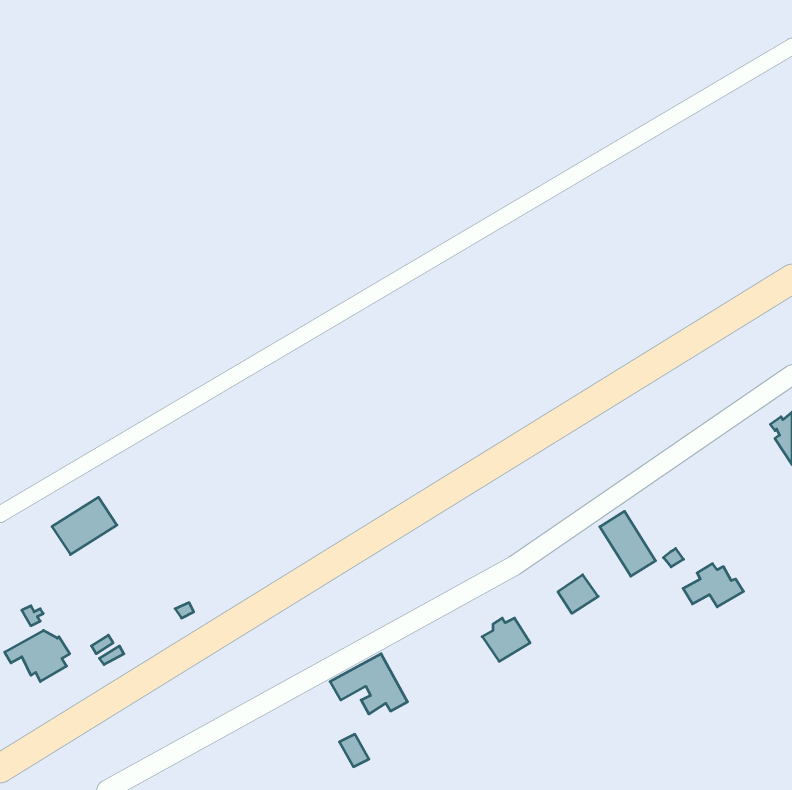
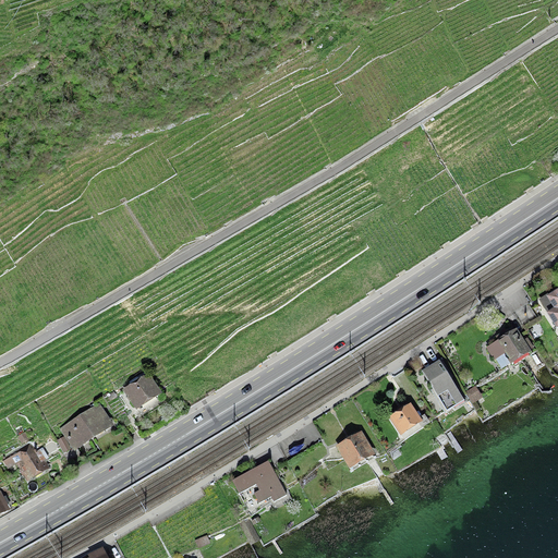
building: [52,497,117,555] -> [65,405,111,446]
building: none -> [125,376,159,408]
building: [683,564,744,607] -> [487,329,530,360]

